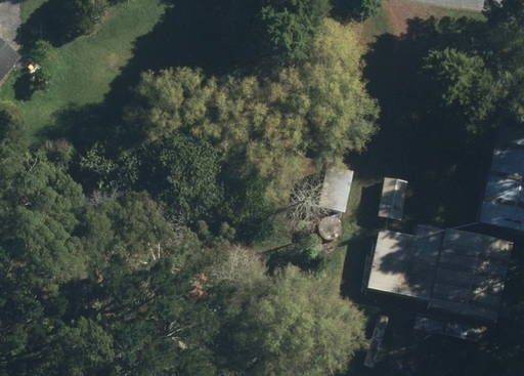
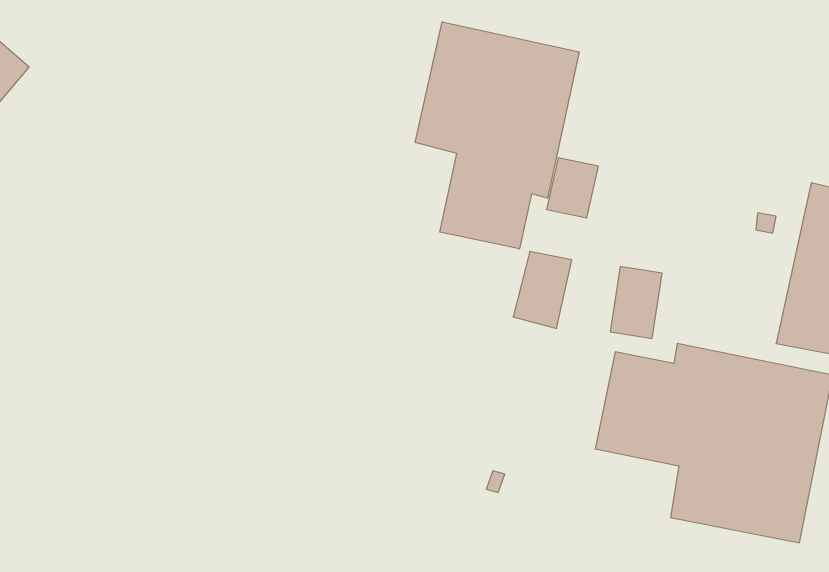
building: none -> [415,22,579,249]

